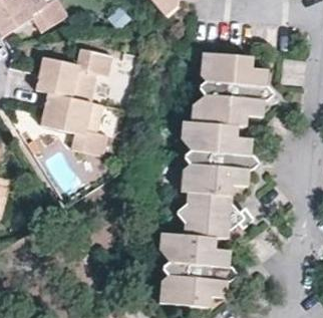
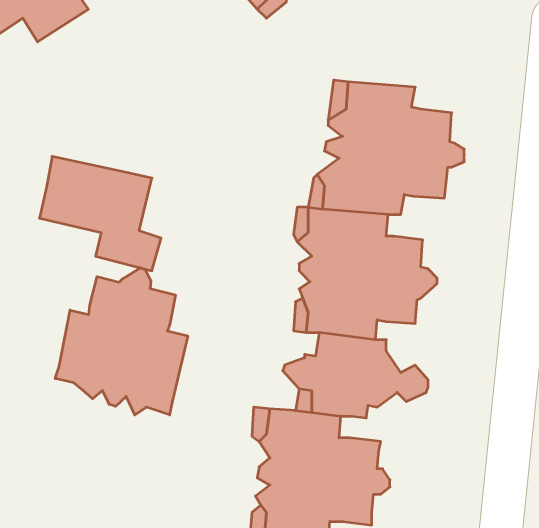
building: [37,49,112,101] -> none
building: none -> [55,268,188,415]

